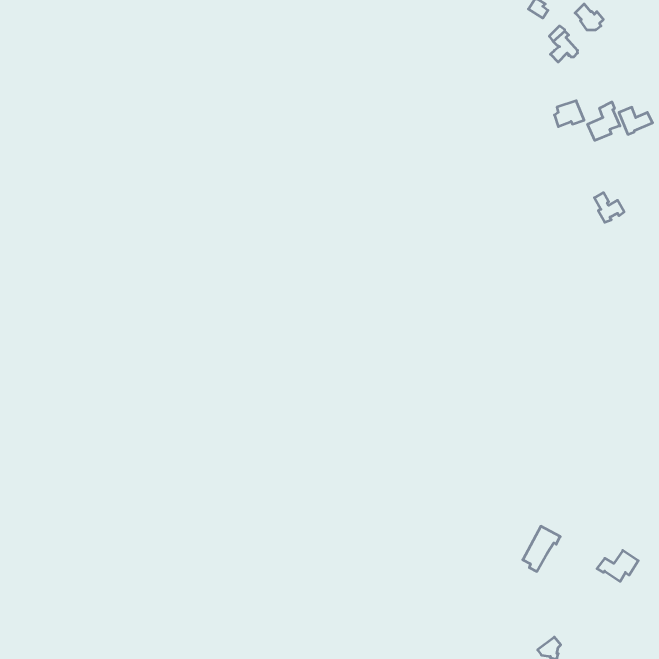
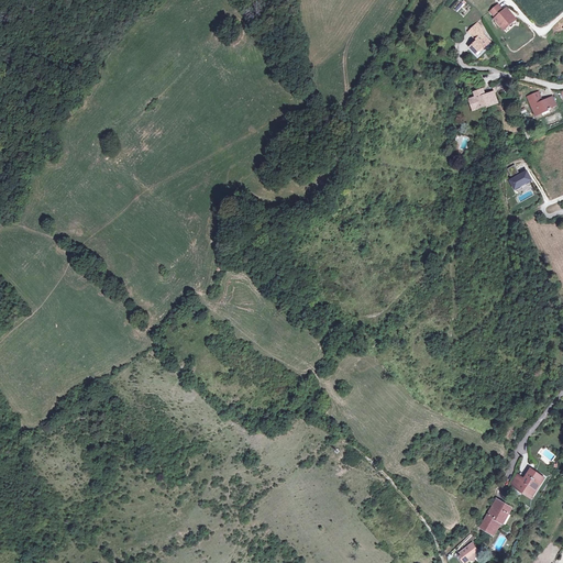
building: [588,102,620,140] -> none
building: [523,526,560,571] -> [479,498,511,537]

